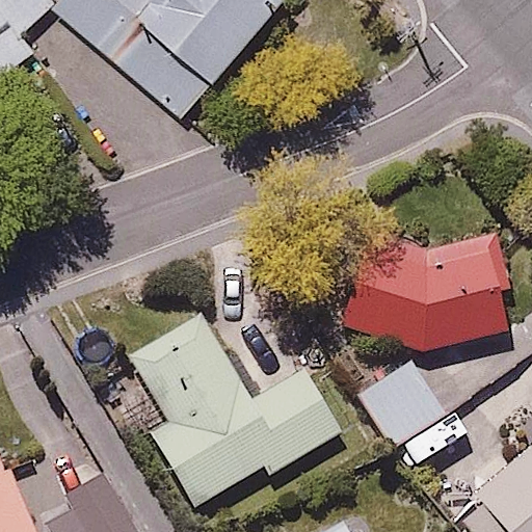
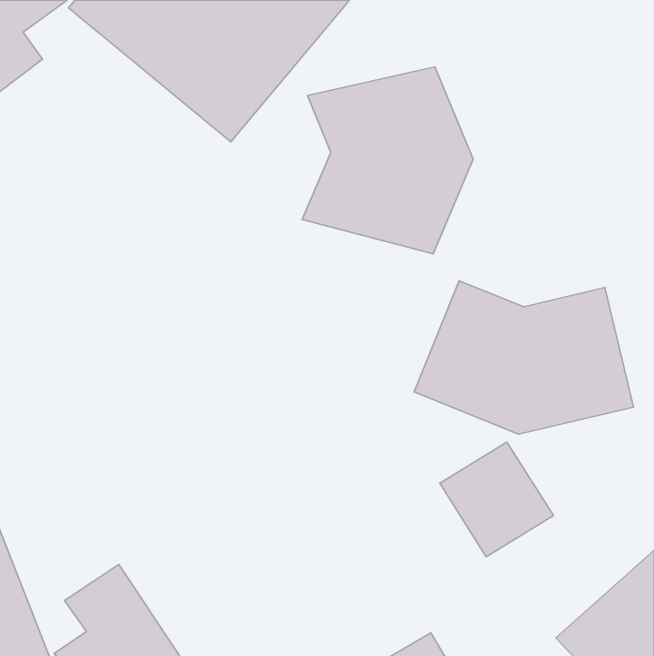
building: none -> [302,67,473,254]
building: [130,313,345,515] -> none

